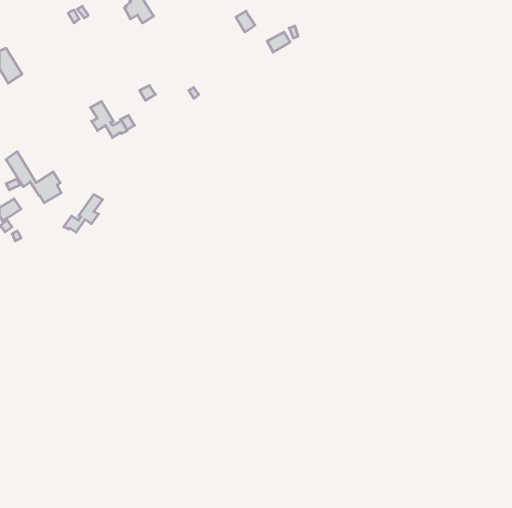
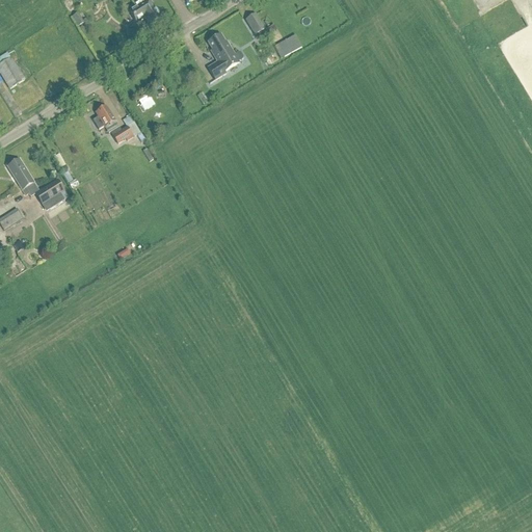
building: none -> [206,33,241,78]
building: [64,195,103,232] -> none

